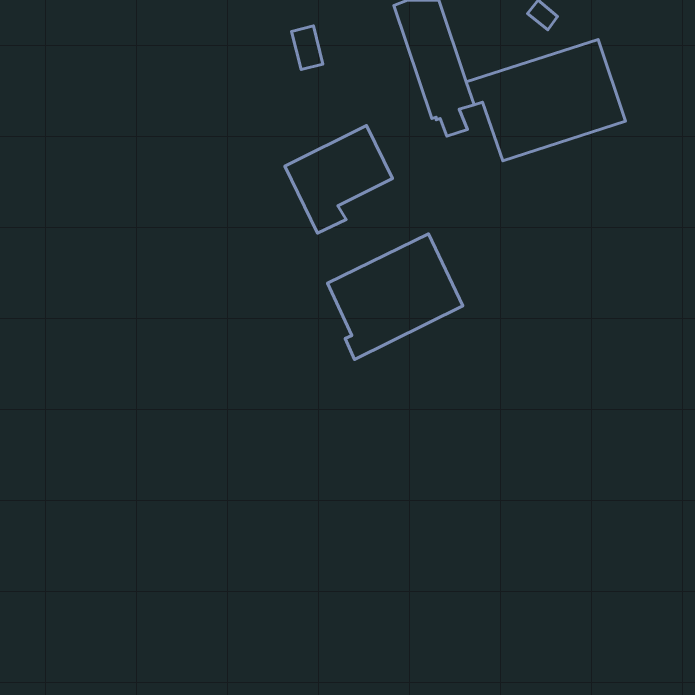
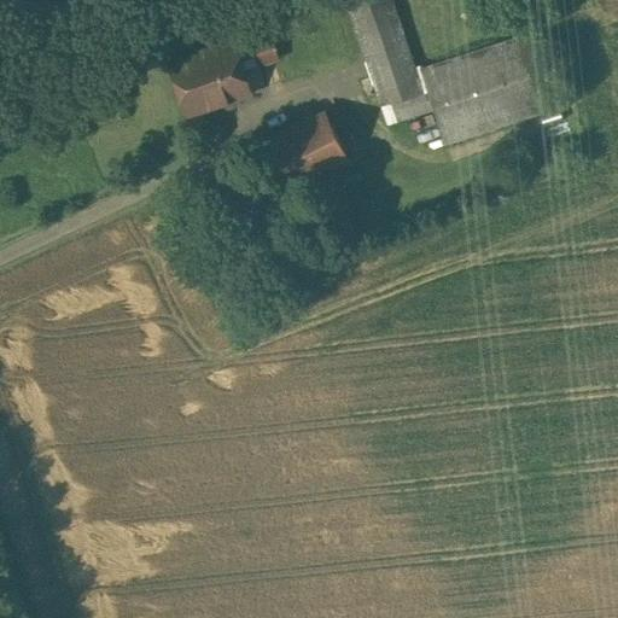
building: none -> [171,43,250,115]
building: [328,234,463,359] -> none

